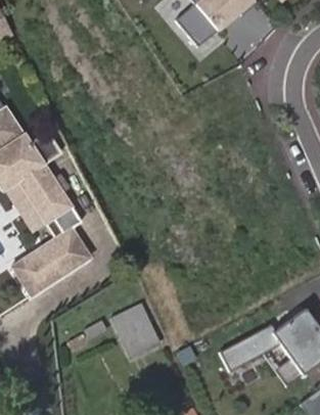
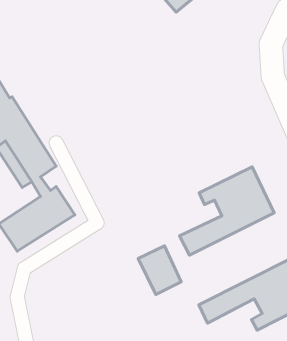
building: none -> [180,167,274,255]
building: [112,307,157,358] -> [138,246,181,295]

